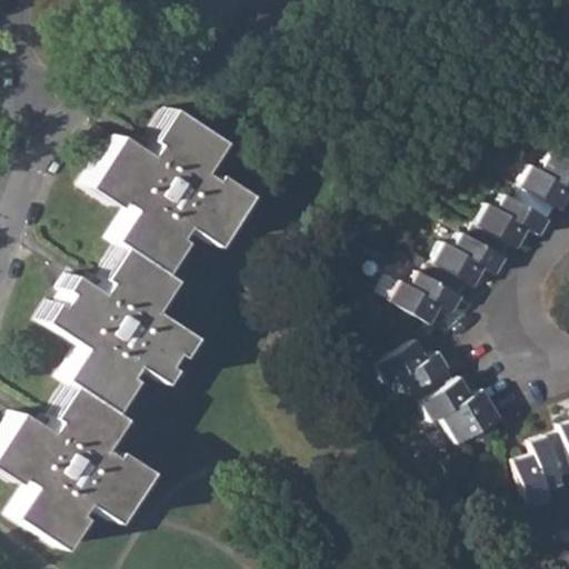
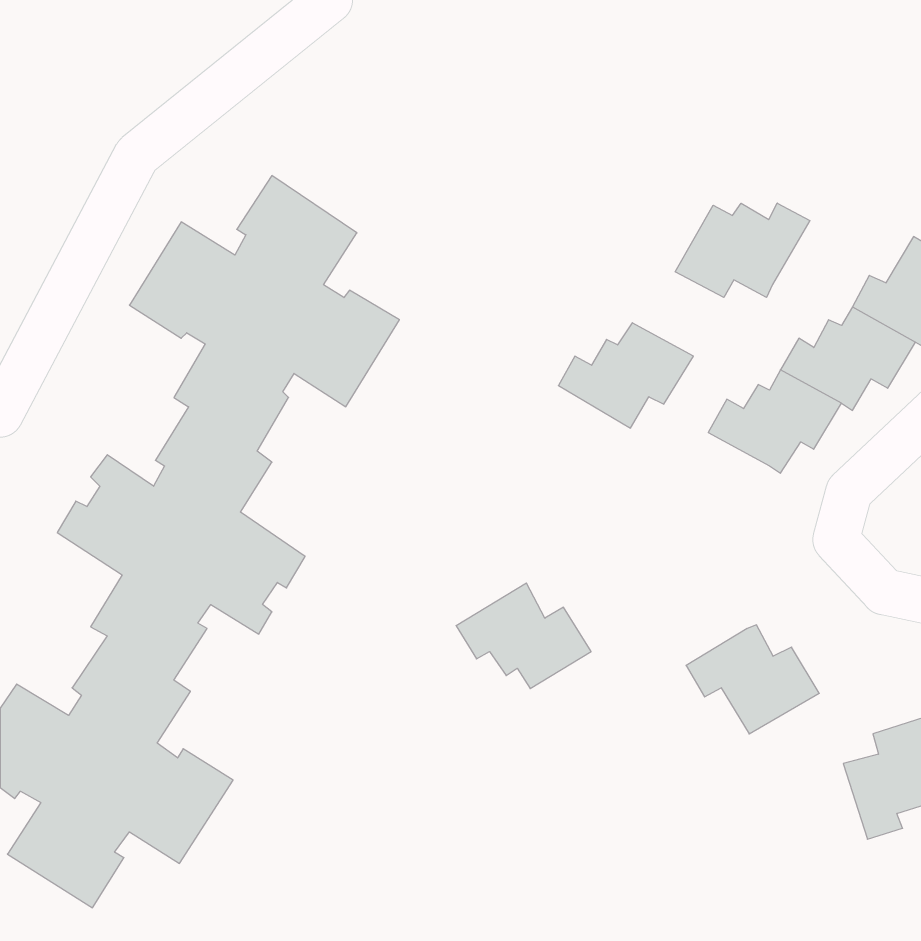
building: none -> [675,203,810,297]
building: [396,262,477,326] -> [558,323,693,428]
building: [382,339,463,402] -> [456,583,591,689]

